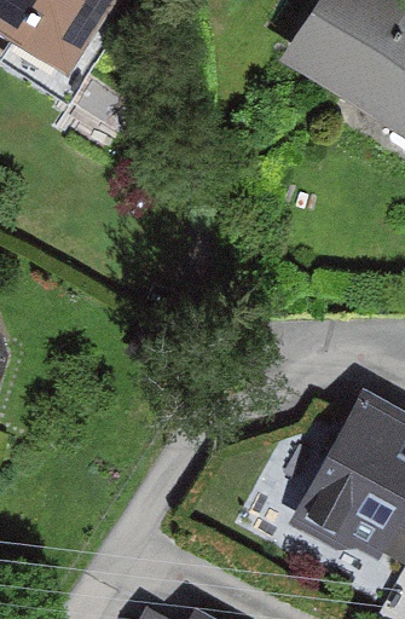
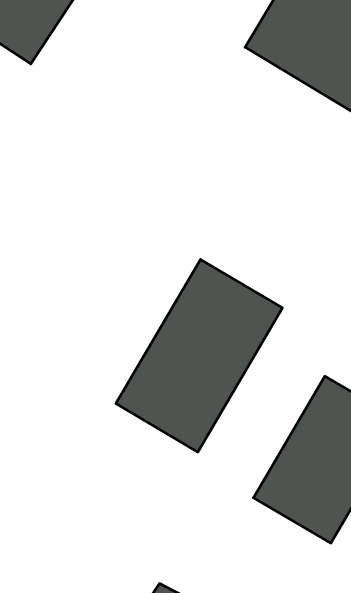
building: none -> [116,259,282,452]

